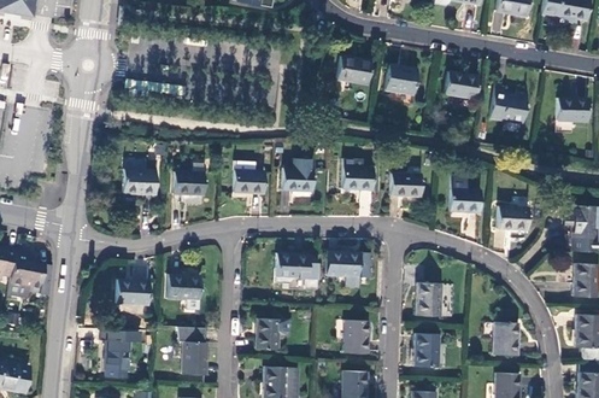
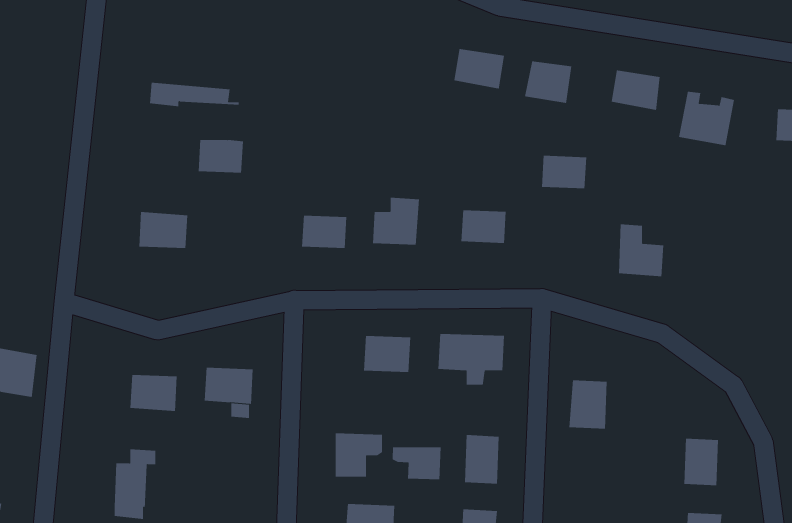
building: [172,171,204,194] -> [198,140,244,173]
building: [389,172,421,195] -> [541,155,587,189]
building: [497,206,528,229] -> none
building: none -> [392,446,441,480]
building: [413,333,439,367] -> none
building: [181,341,206,374] -> none

